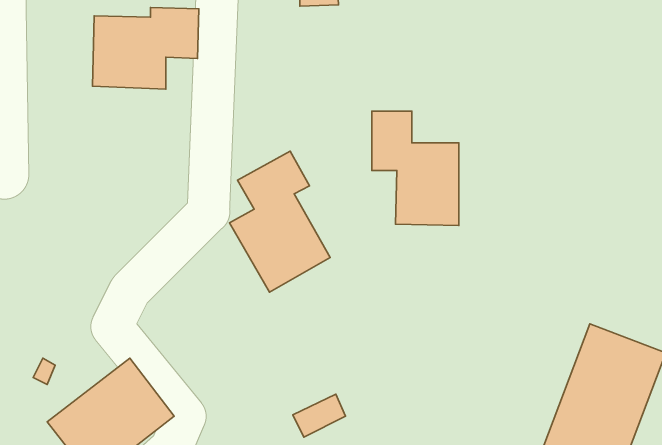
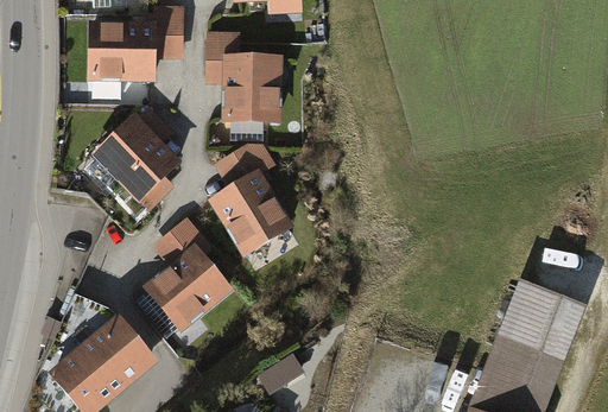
building: [372,111,459,226] -> [207,30,281,128]
building: none -> [93,104,176,197]
building: none -> [140,213,230,331]

